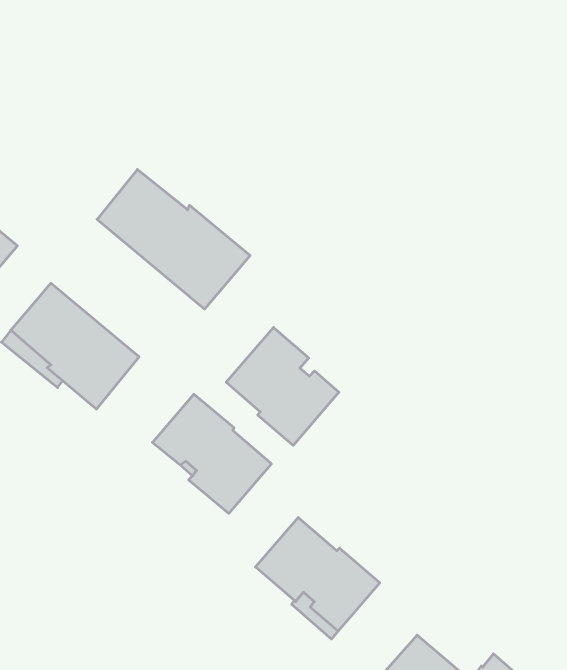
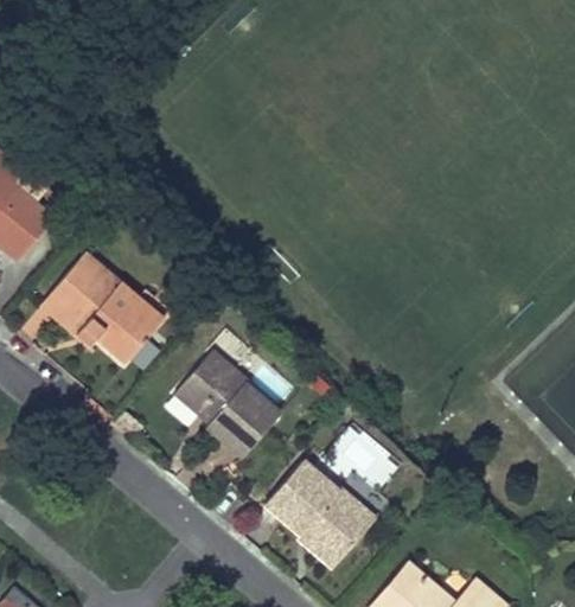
building: [97,169,250,309] -> none
building: [226,327,339,445] -> none

